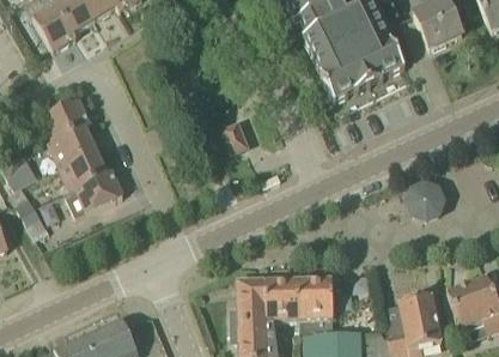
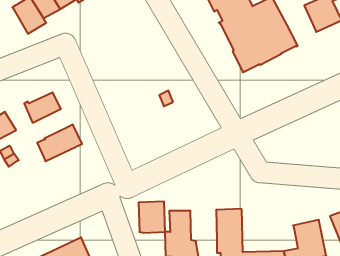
building: [42,99,90,141] -> none
building: [59,149,107,190] -> none
building: [407,182,443,218] -> none
building: [264,280,299,321] -> [138,202,165,233]

